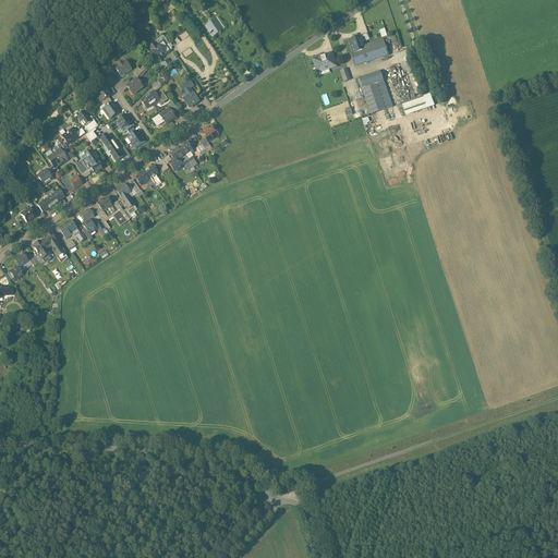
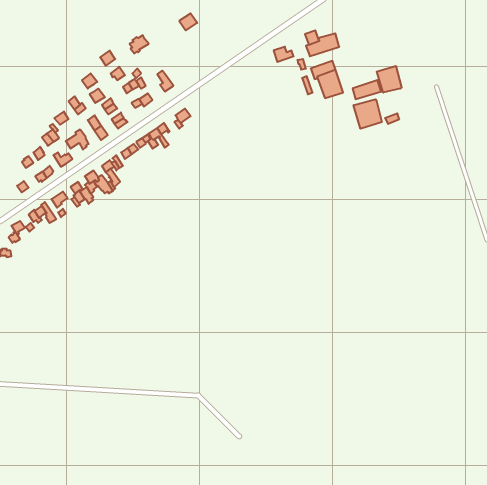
building: none -> [377,66,402,93]
building: none -> [354,99,382,129]

